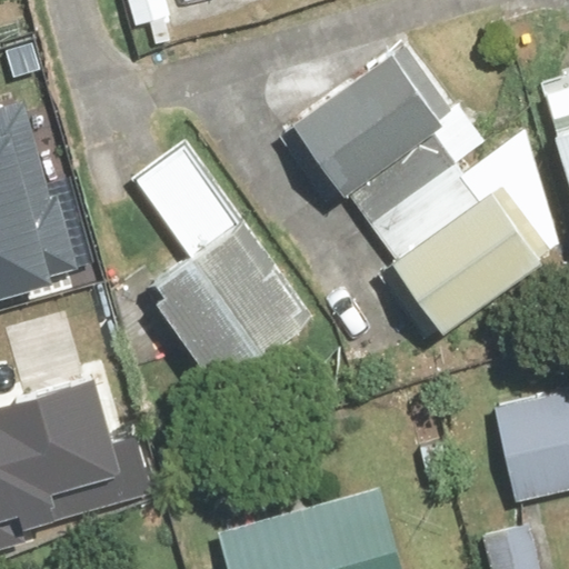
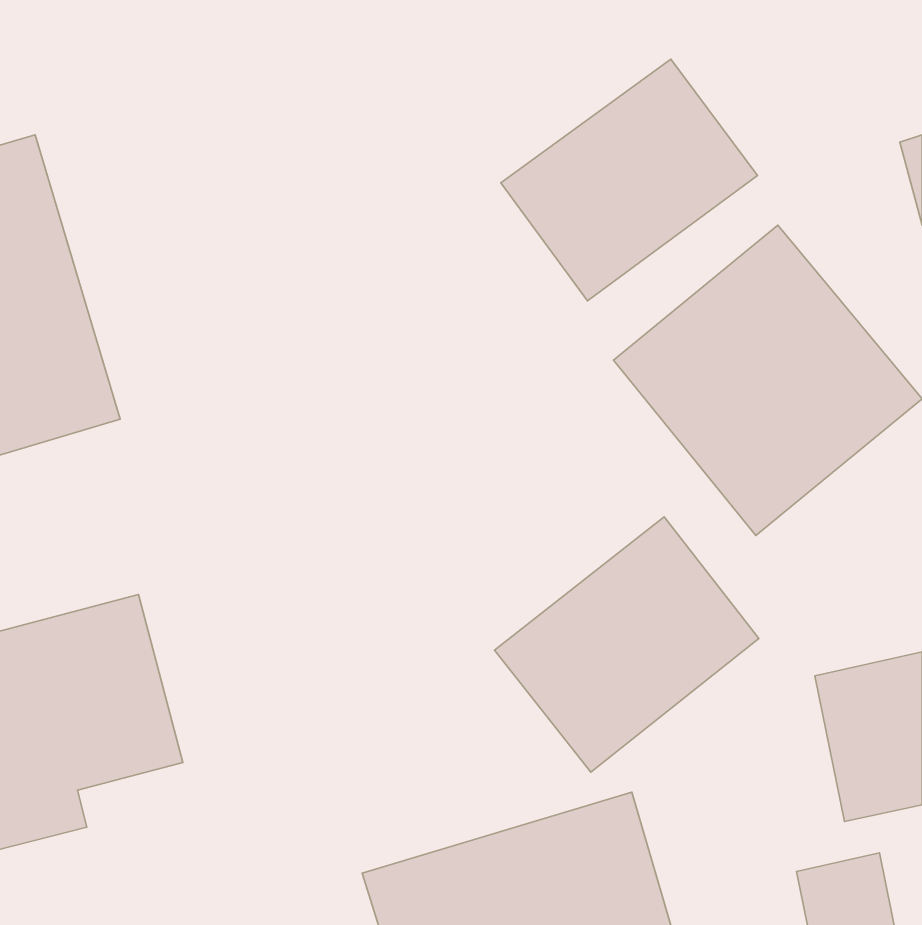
building: [130,146,323,395] -> none
building: none -> [495,517,759,772]

